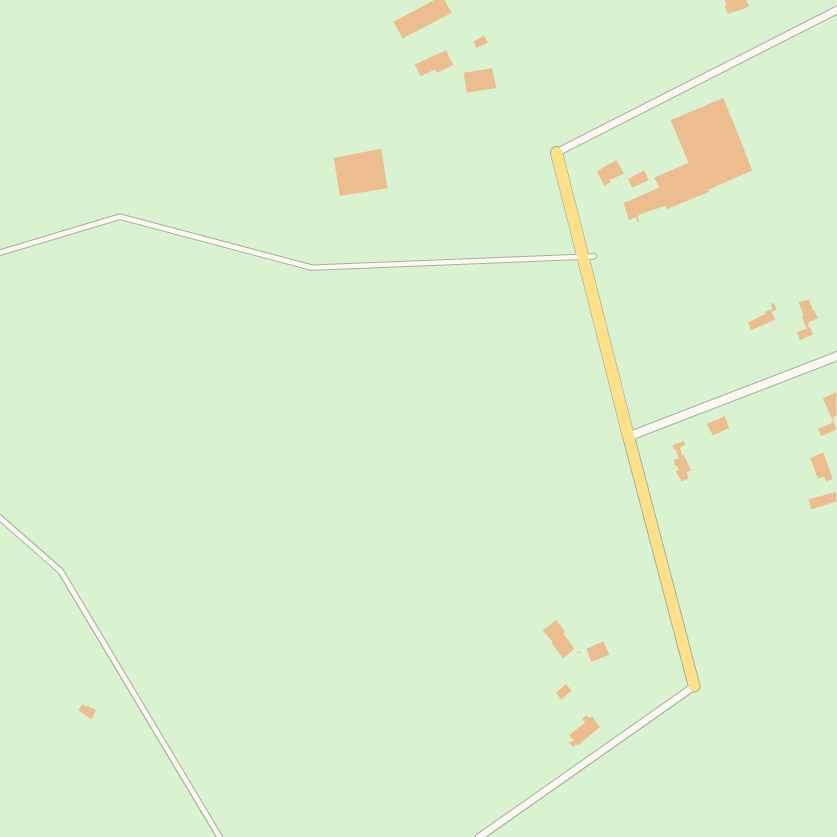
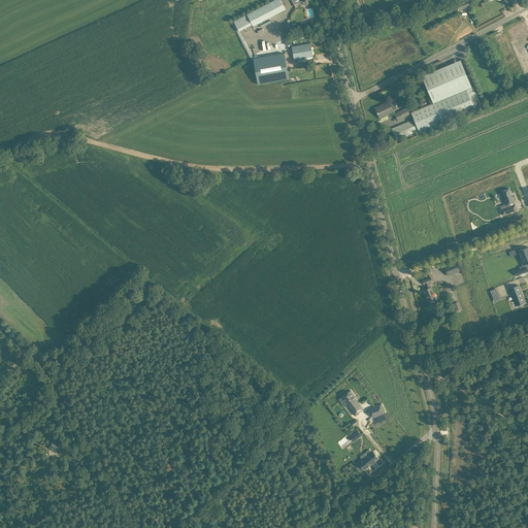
building: [333,148,388,197] -> [253,52,288,82]

